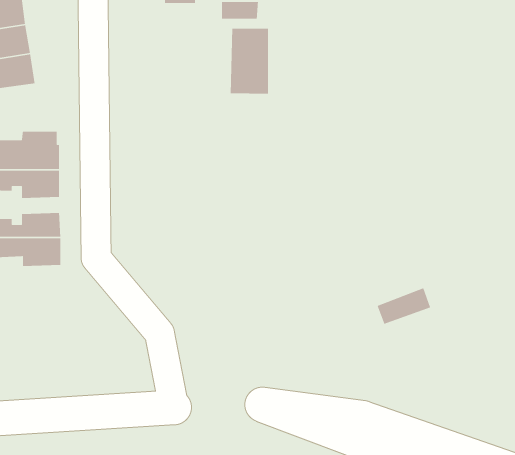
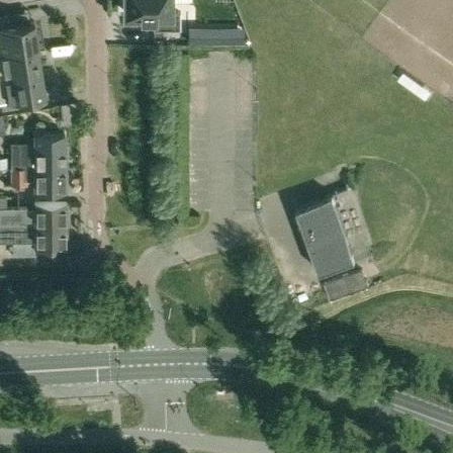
building: [230,28,269,95] -> none
building: none -> [296,191,371,274]

